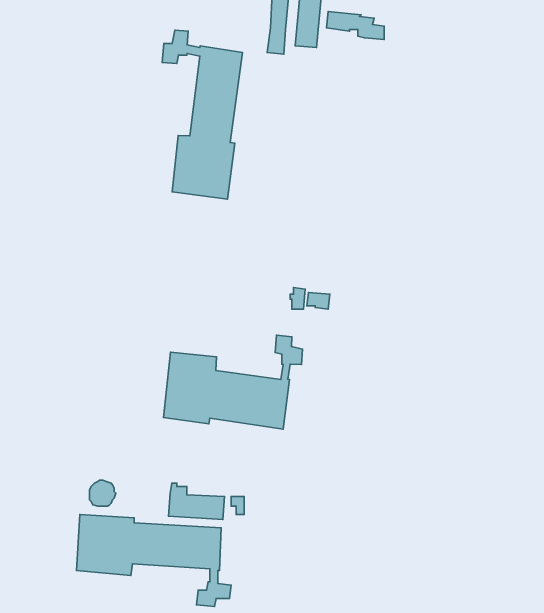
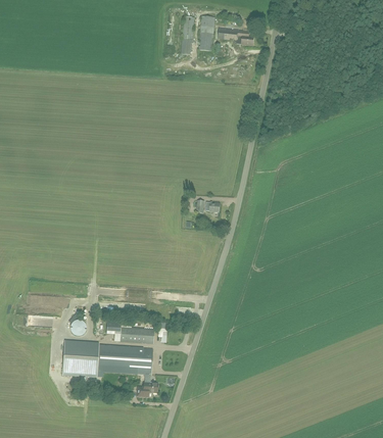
building: [162,30,242,199] -> none
building: [163,335,303,429] -> none

